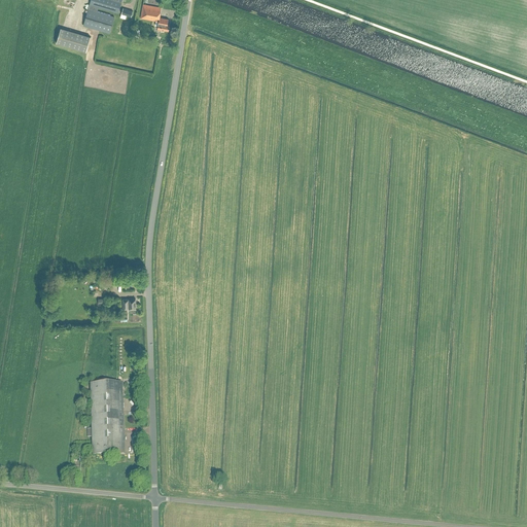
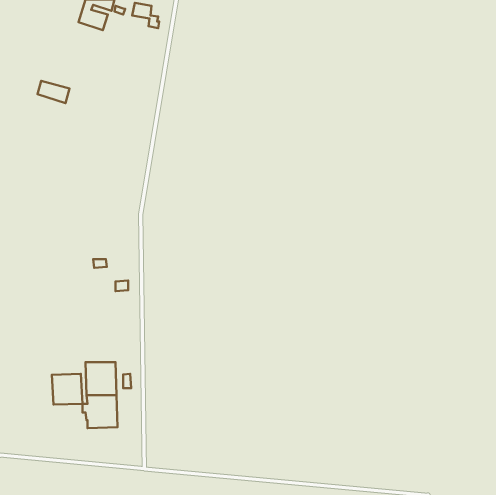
building: [57,27,91,50] -> [37,81,69,103]
building: none -> [52,374,83,405]

